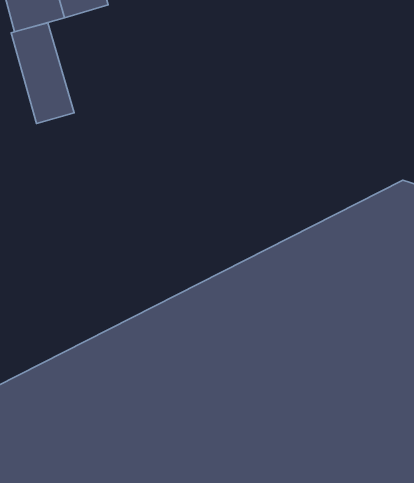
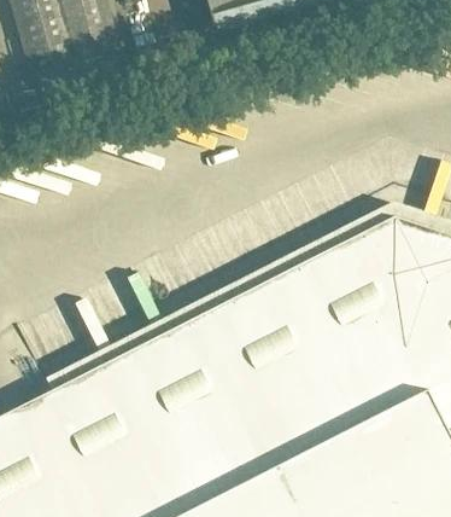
building: [11,23,74,123] -> none

